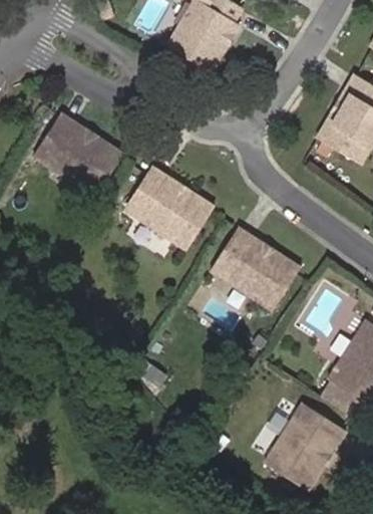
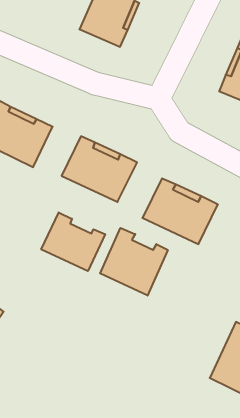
building: none -> [41,212,105,271]
building: none -> [100,228,168,296]

